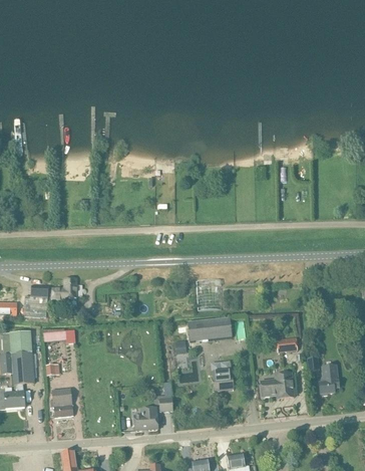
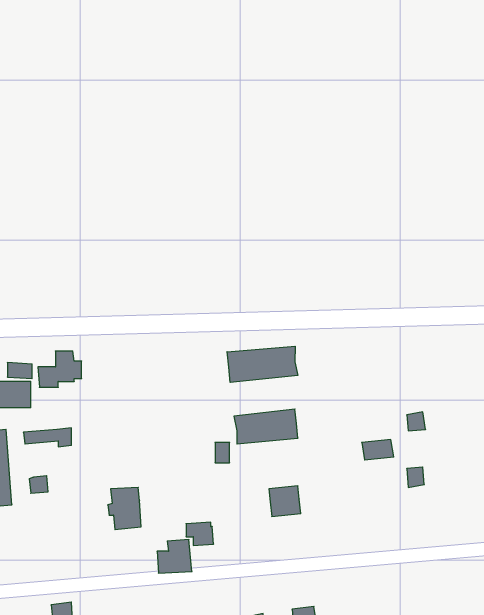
building: none -> [227,346,298,382]
building: [319,364,339,394] -> none
building: [261,373,294,398] -> none
building: [50,388,73,417] -> [108,487,141,530]

